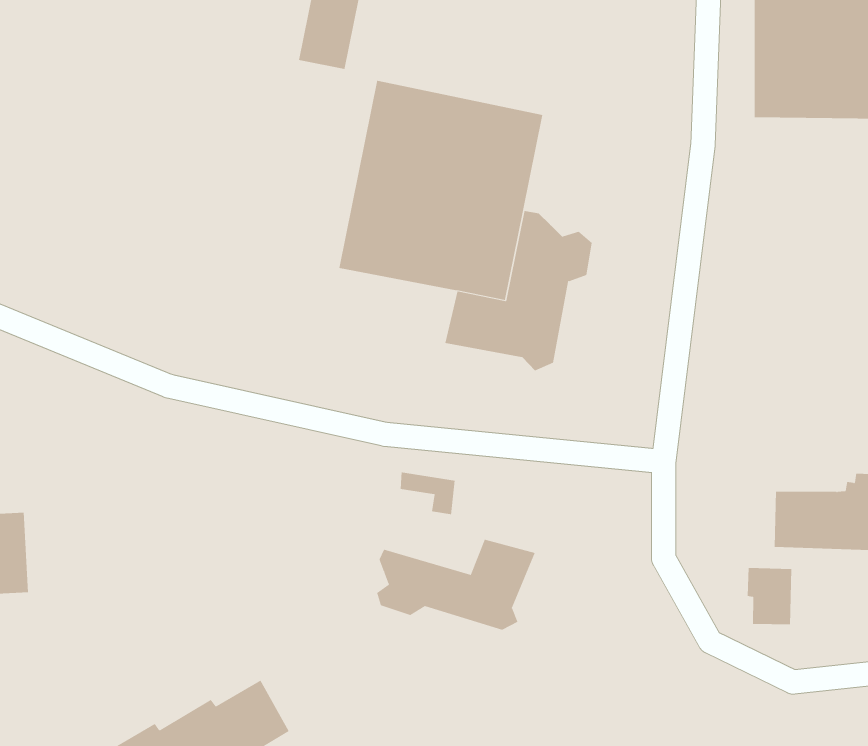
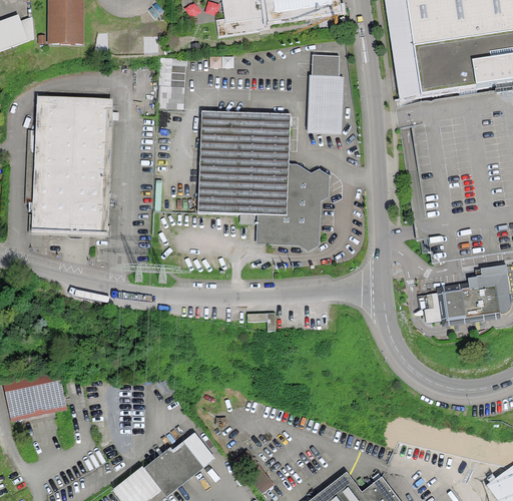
building: none -> [307,57,341,132]
building: none -> [32,105,113,234]
building: [376,539,535,631] -> none
building: [747,567,792,625] -> [419,292,446,324]

